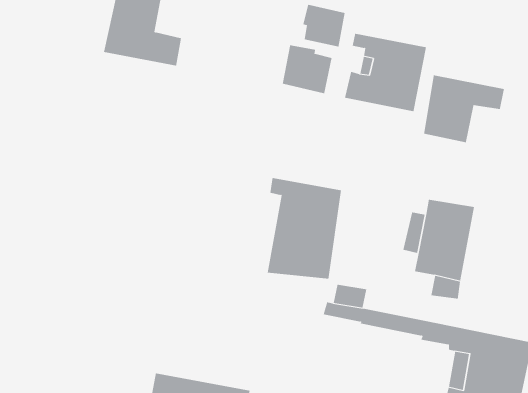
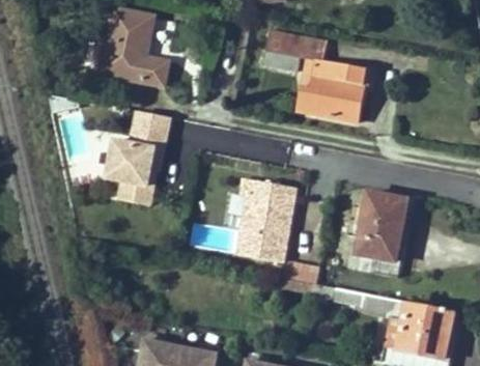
building: [282,44,332,94] -> none
building: [424,74,504,143] -> none
building: none -> [108,124,171,206]

